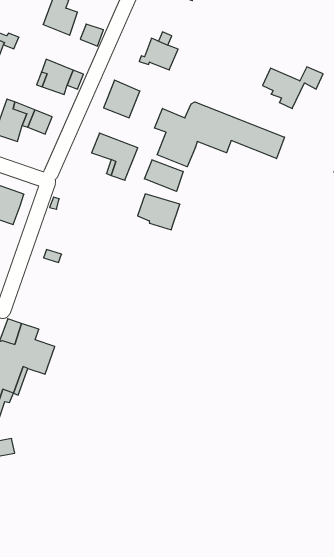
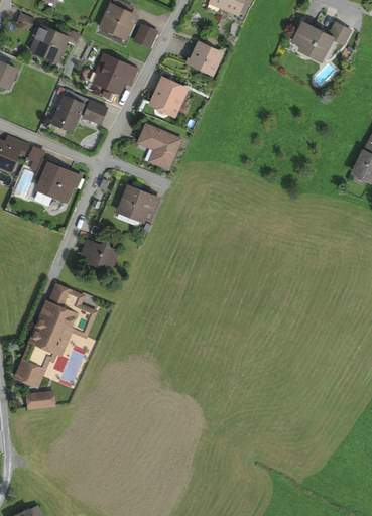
building: [263,67,323,109] -> [294,22,349,59]
building: [155,102,284,167] -> none
building: [144,160,183,191] -> none
building: [138,194,180,230] -> [120,186,158,220]
building: none -> [82,239,117,264]

